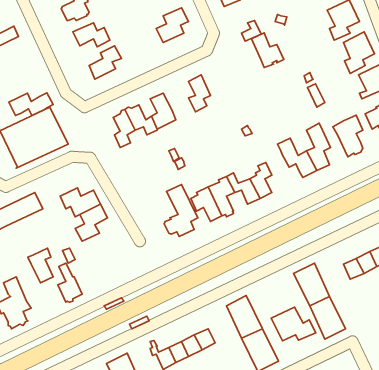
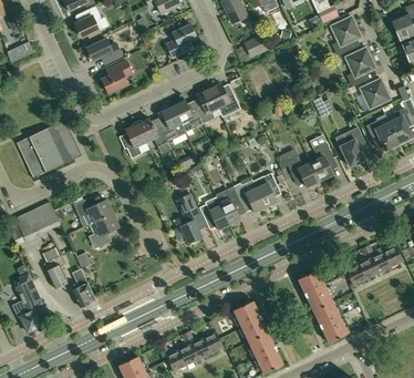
building: [251,33,284,68] -> [209,83,240,116]
building: none -> [173,101,204,132]
building: [9,93,53,115] -> none
building: [271,307,316,341] -> none

